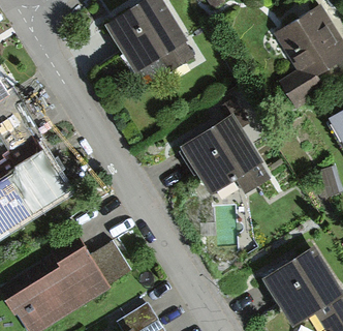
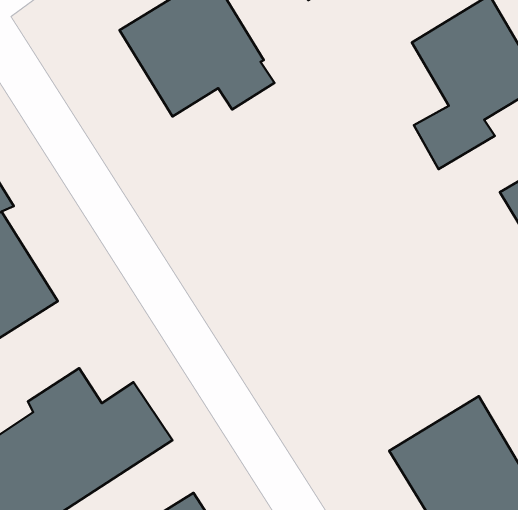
building: [180,118,271,200] -> none

